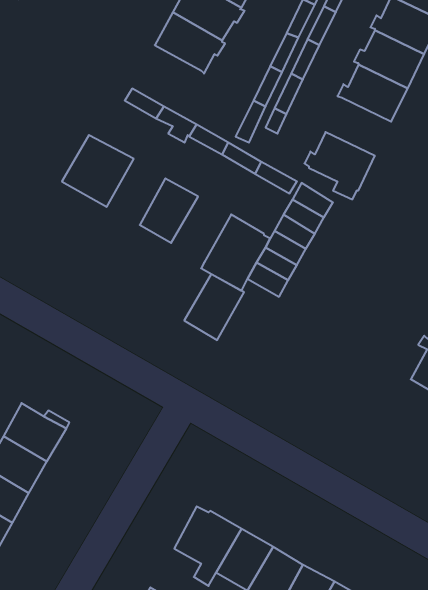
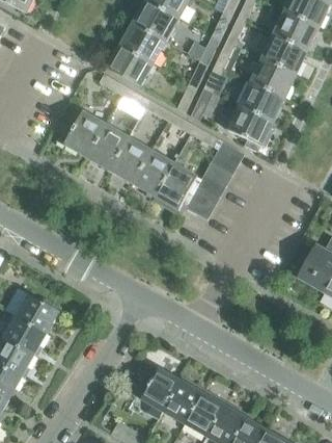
building: none -> [107,45,155,87]
building: none -> [237,81,284,122]
building: none -> [87,124,128,170]
building: [184,274,244,340] -> [132,150,173,196]

